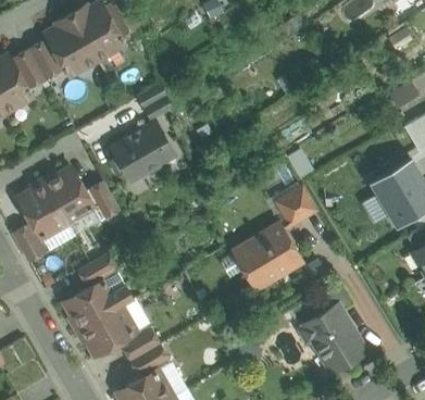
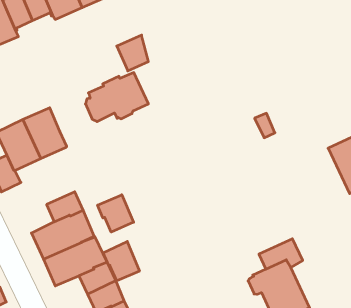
building: [85,182,120,221] -> none
building: [274,185,316,224] -> none
building: [237,225,300,286] -> none
building: none -> [98,195,134,232]
building: none -> [103,241,139,281]

